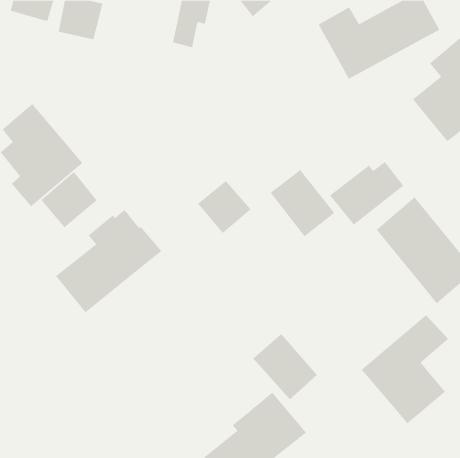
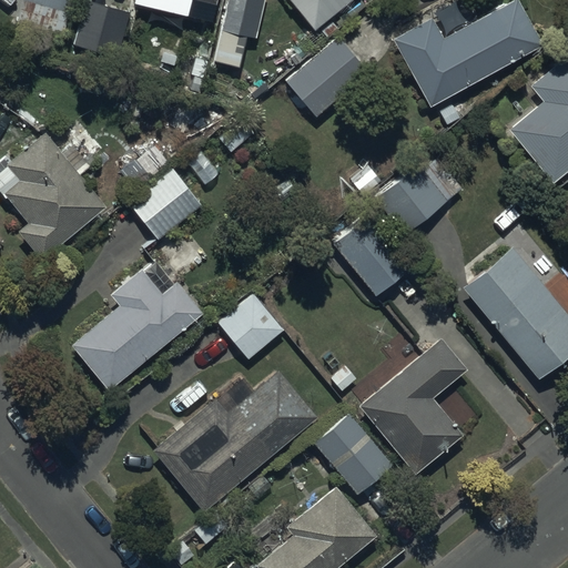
building: none -> [286,37,367,114]
building: [329,161,404,225] -> [371,160,463,239]
building: [41,171,98,228] -> [130,170,200,240]
building: [197,180,251,234] -> [217,295,284,361]
building: none -> [153,372,317,511]
building: [361,315,449,424] -> [358,339,466,474]

